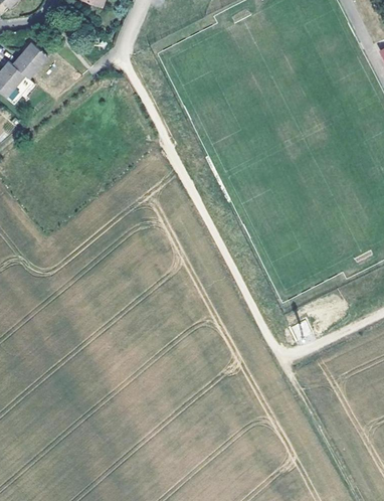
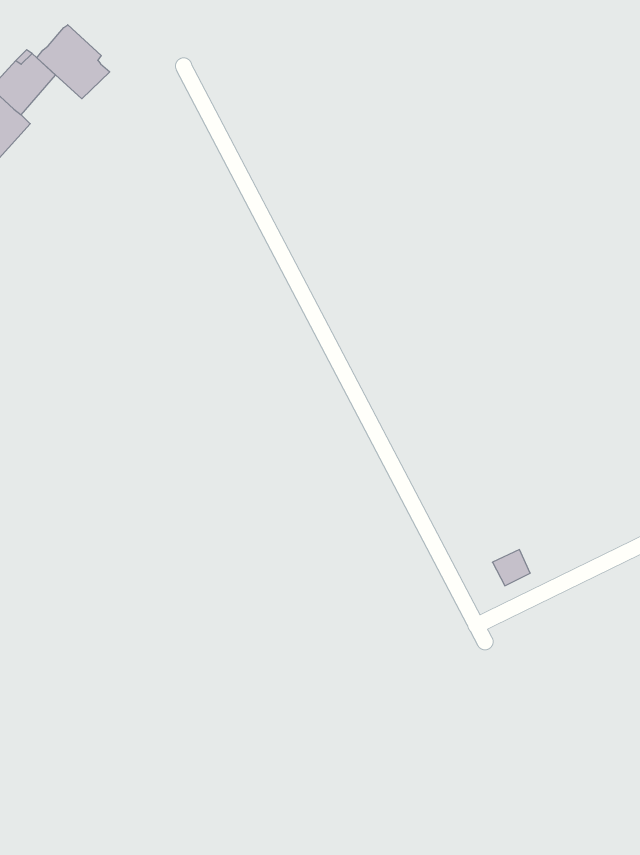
building: none -> [37,25,110,99]

